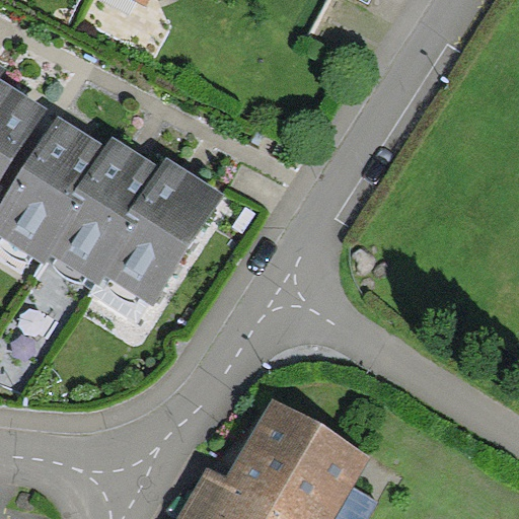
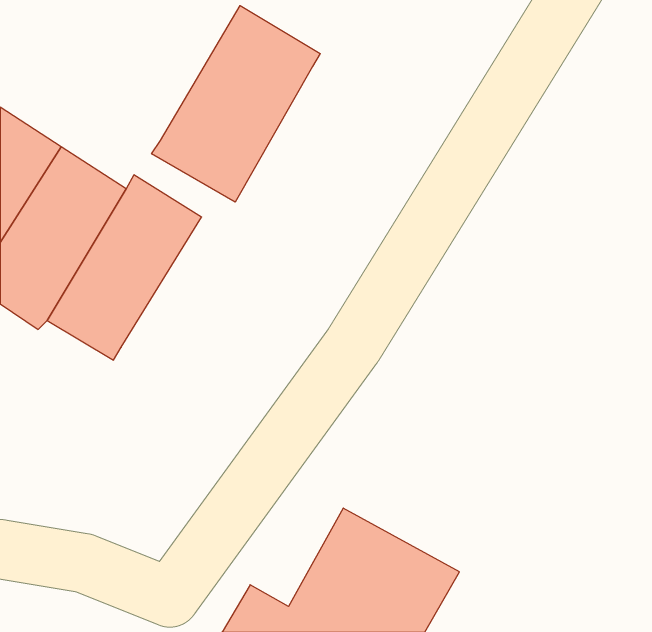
building: none -> [152,6,320,202]
building: [96,162,225,312] -> none

